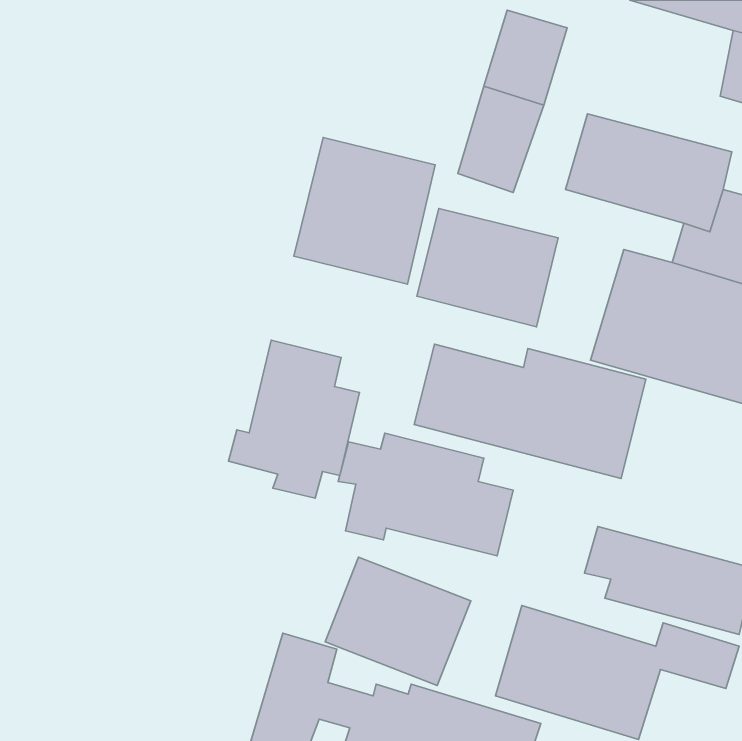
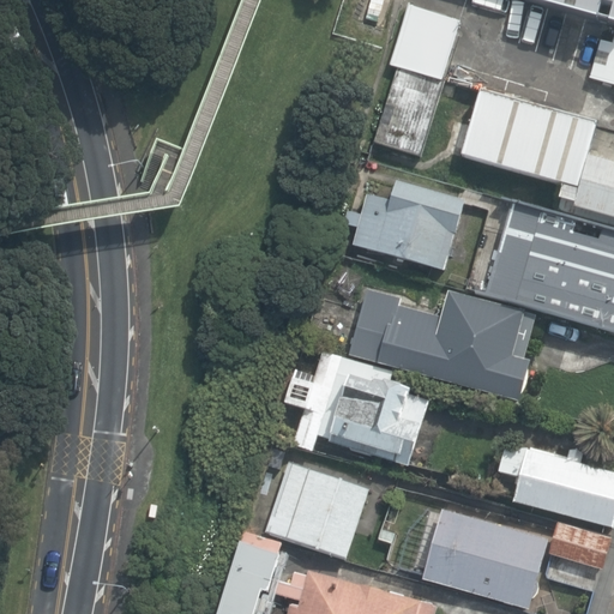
building: [294,138,435,284] -> none
building: [229,340,359,498] -> none

